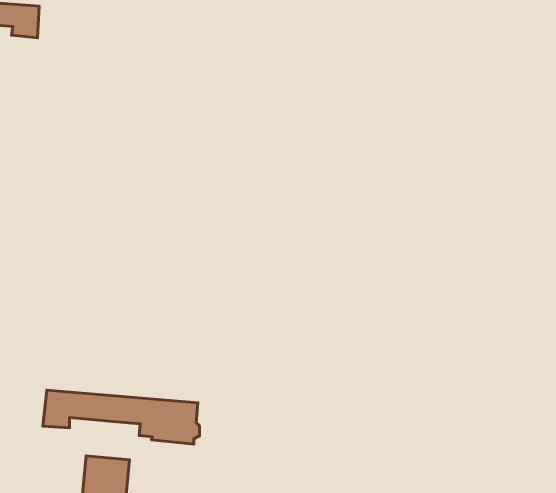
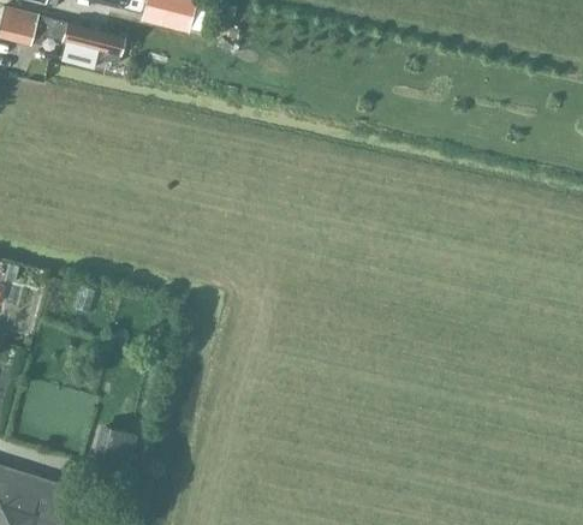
building: [43,390,200,444] -> none

